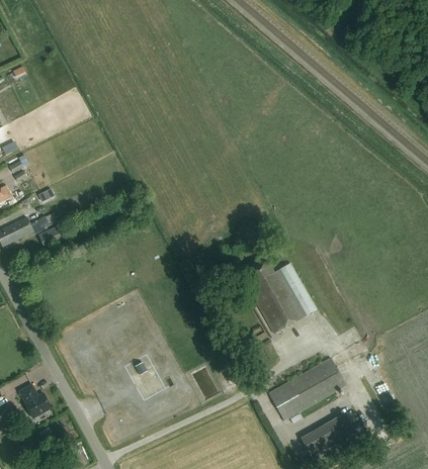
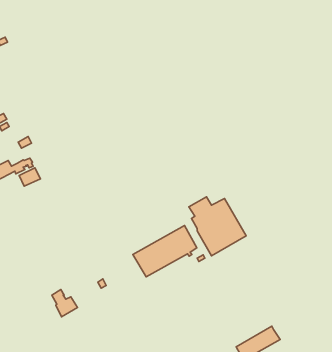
building: [267,357,345,419] -> [133,226,197,277]
building: [19,384,51,417] -> [52,289,77,317]

